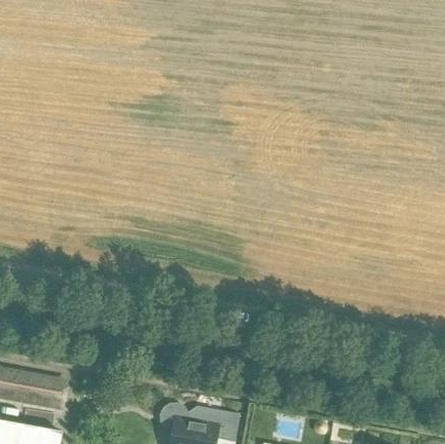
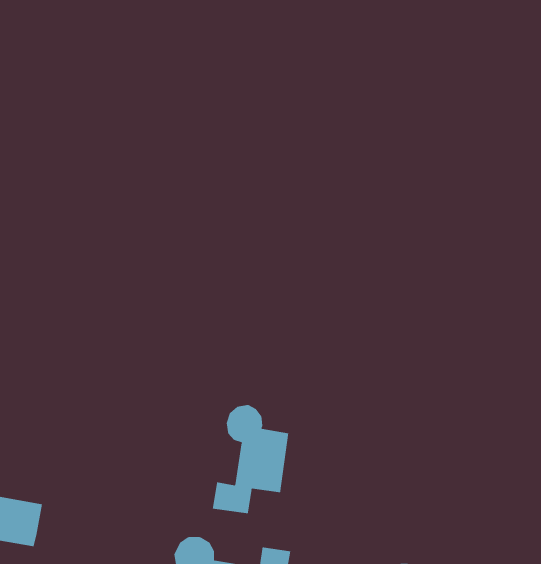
building: none -> [212,404,289,514]

